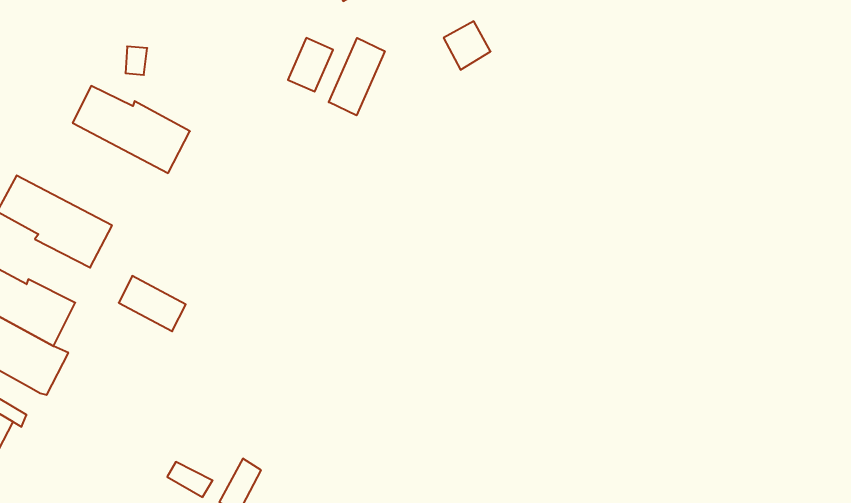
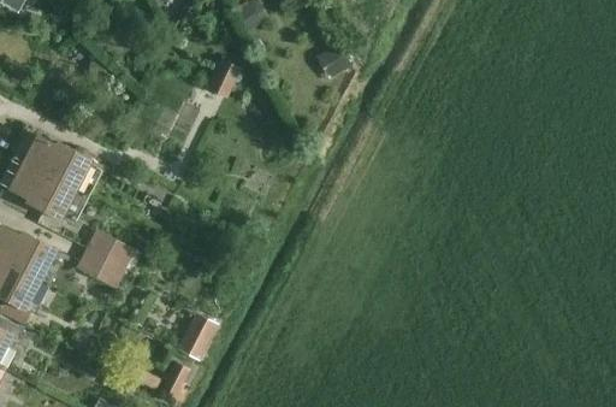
building: [329,38,385,115] -> none
building: [73,86,190,173] -> [13,131,97,194]
building: none -> [76,249,125,289]
building: none -> [176,311,218,361]

